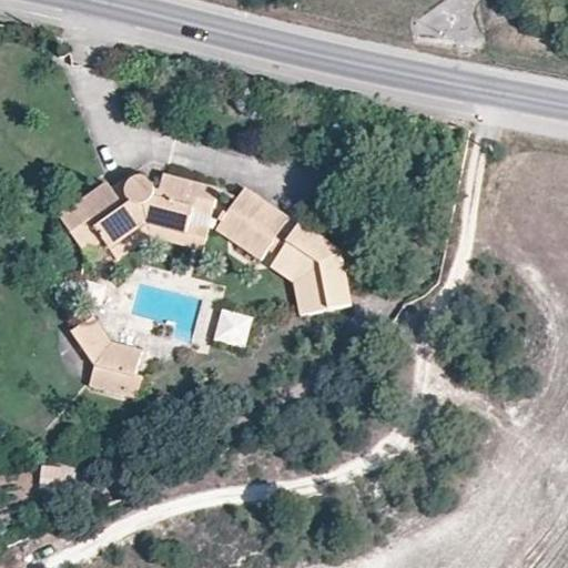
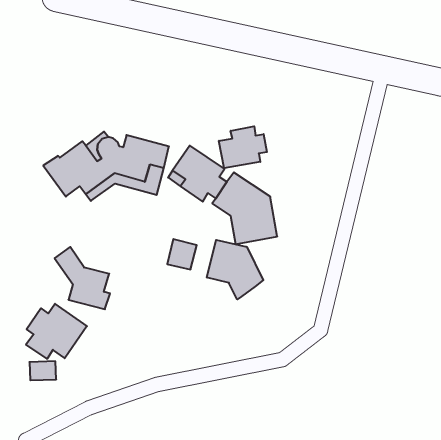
building: none -> [219,126,267,168]
building: none -> [207,240,263,299]
building: none -> [26,304,87,359]

